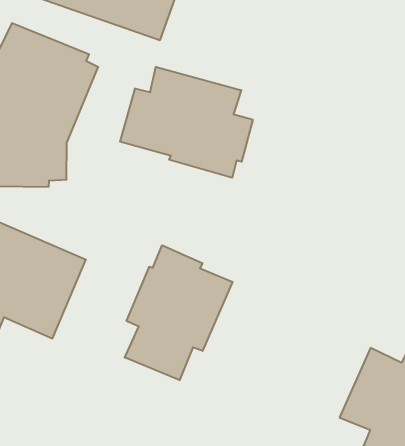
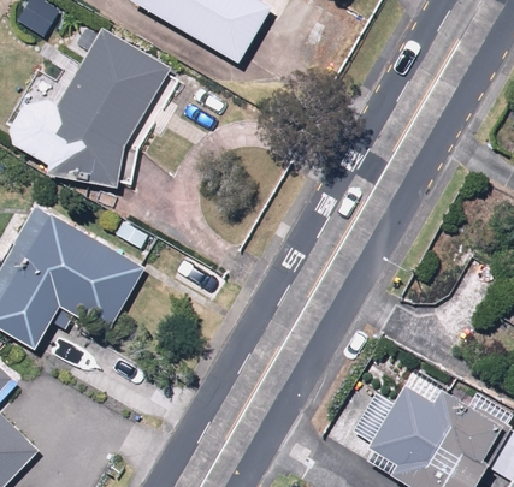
building: [120,67,253,178] -> none
building: [125,245,232,380] -> none

